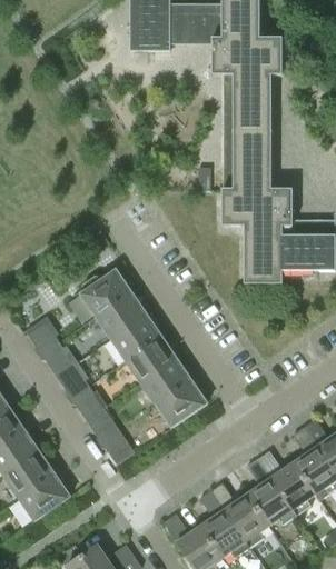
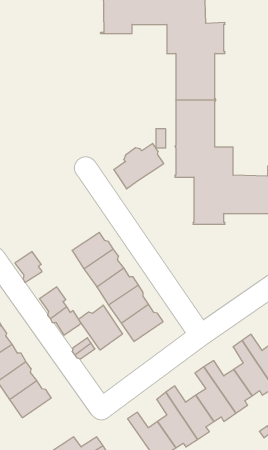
building: [68,270,129,326] -> [114,143,164,189]
building: [38,342,77,376] -> none
building: none -> [79,305,122,350]

